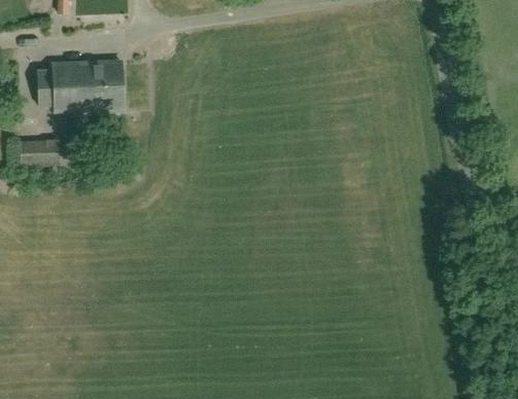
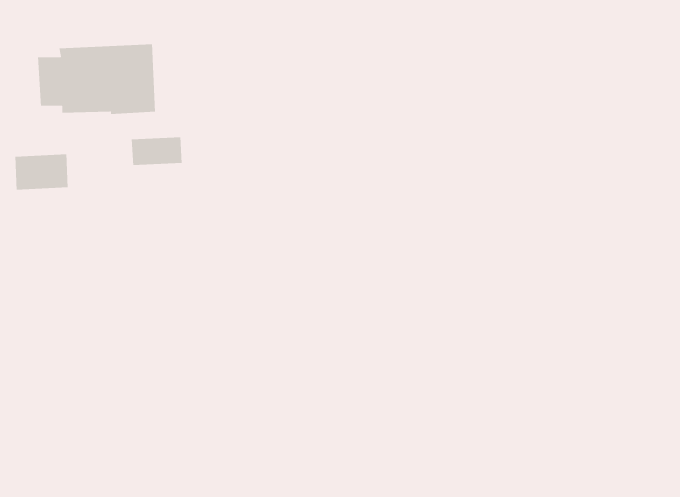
building: none -> [131,136,183,166]

